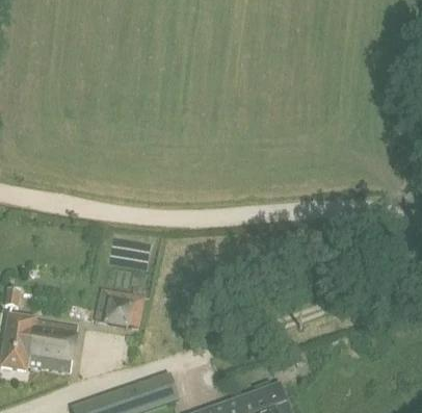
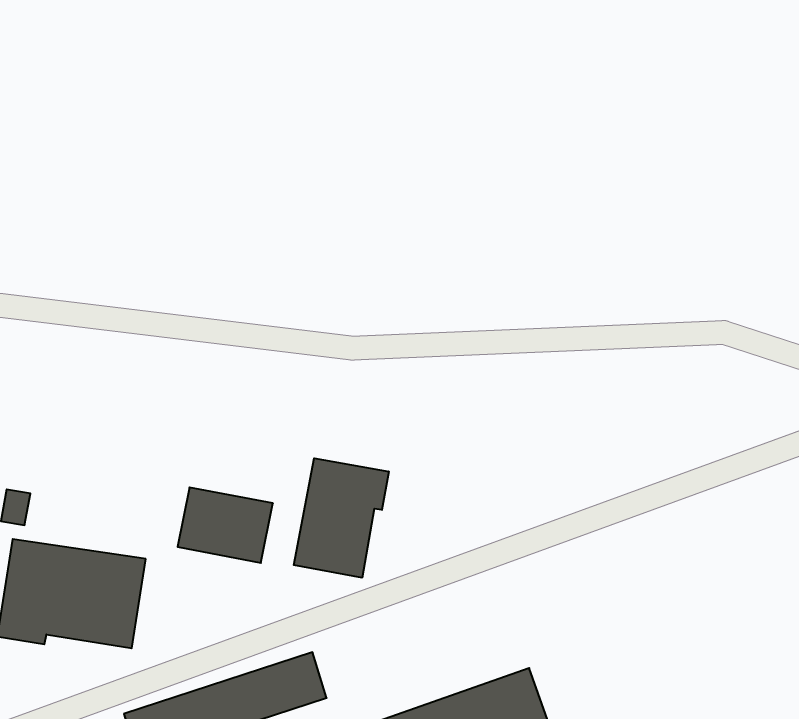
building: none -> [294,458,389,578]

